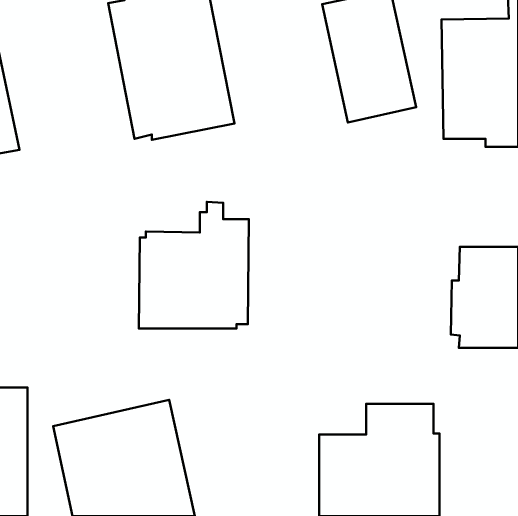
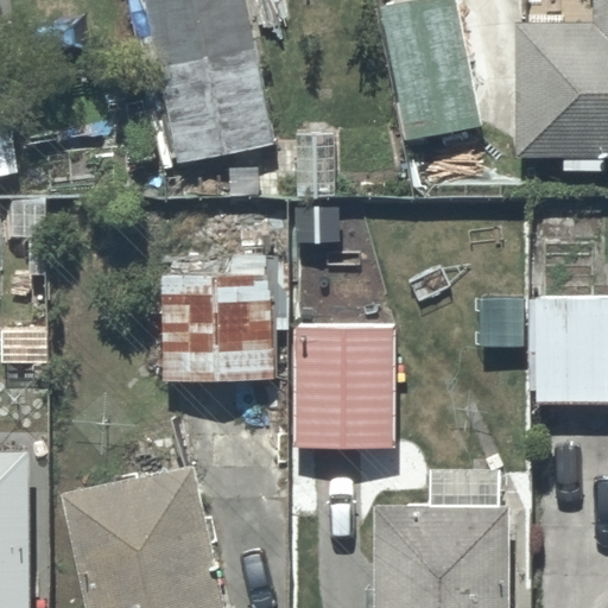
building: none -> [293,317,394,450]

